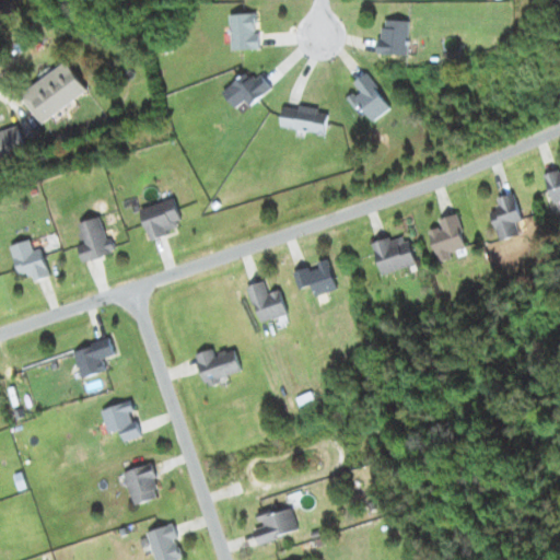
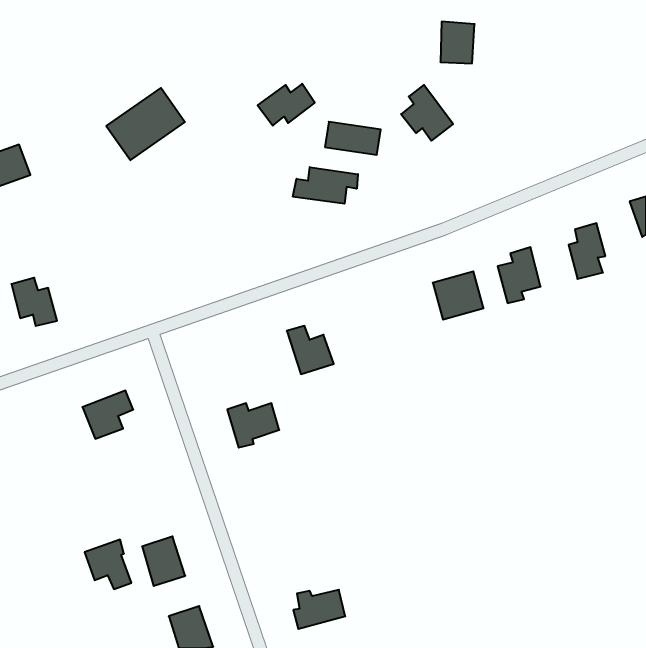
building: [230,13,259,50] -> none
building: [21,61,89,124] -> [106,88,185,160]
building: none -> [293,167,358,204]
building: [139,197,183,237] -> none
building: [78,215,113,262] -> none
building: [292,260,337,295] -> none
building: [100,398,140,441] -> [85,540,131,589]

